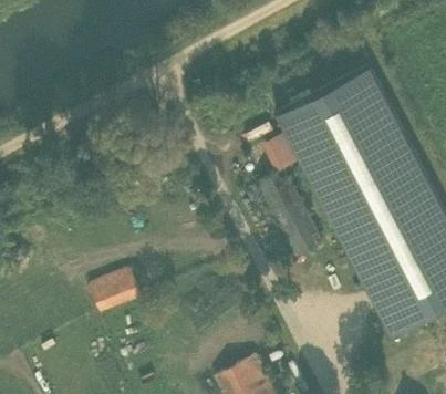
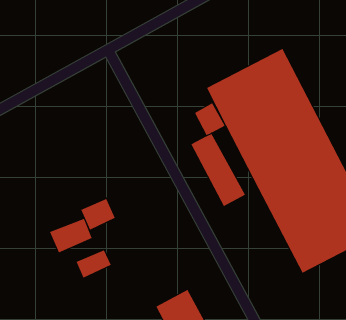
building: none -> [81,198,116,231]
building: none -> [76,249,111,278]

